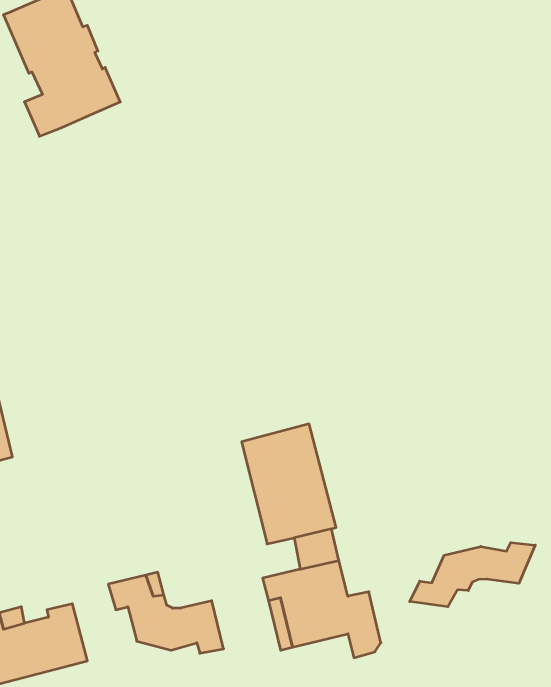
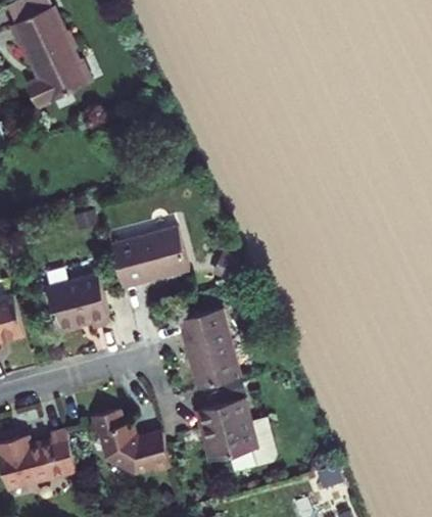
building: none -> [110,228,188,288]
building: none -> [44,275,109,332]
building: [410,543,535,607] -> none

